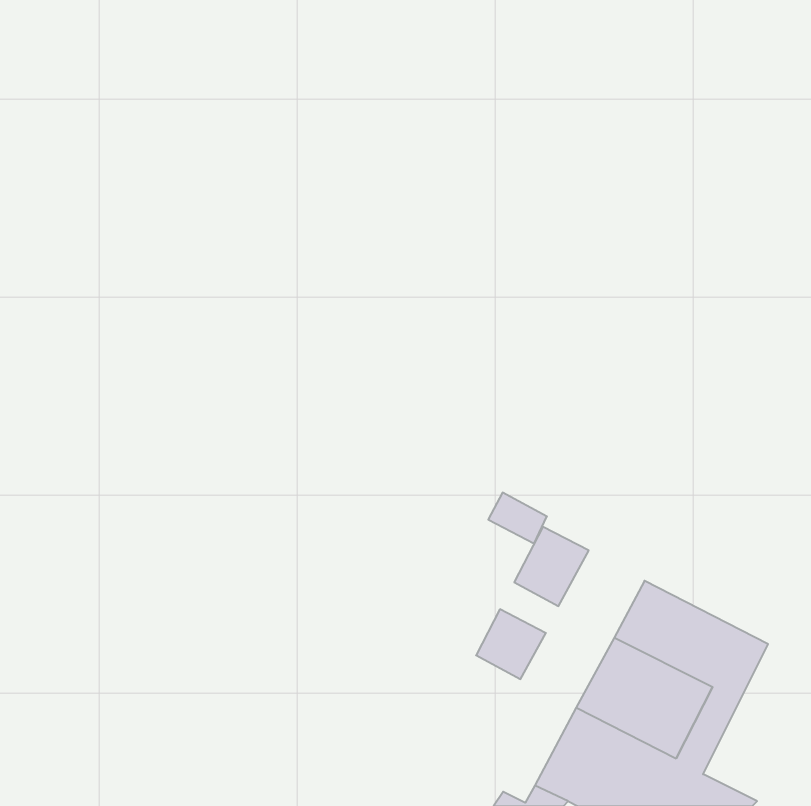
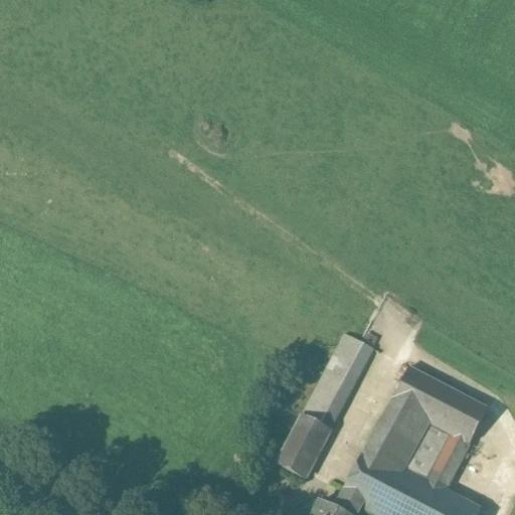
building: [488,493,547,543] -> [317,369,354,401]
building: none -> [276,415,330,479]

